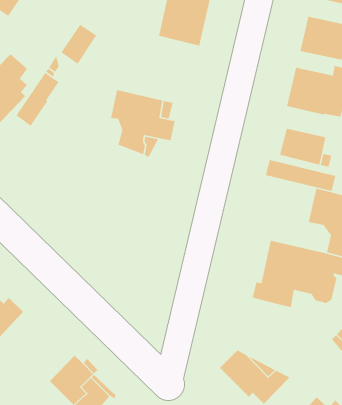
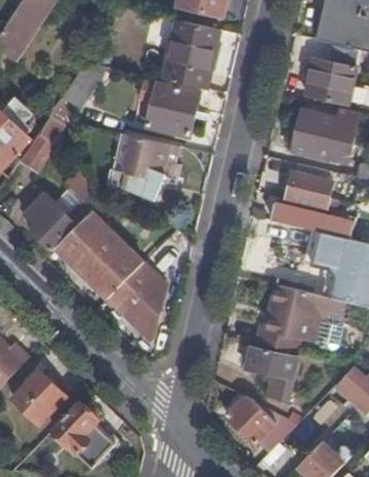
building: none -> [146,83,198,135]
building: none -> [25,175,92,251]
building: none -> [56,214,165,339]
building: none -> [243,344,296,404]
building: none -> [11,369,64,423]

